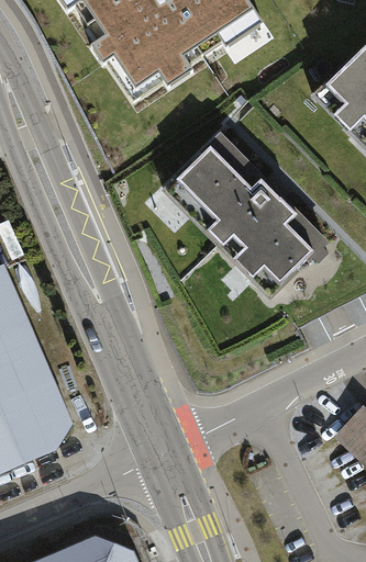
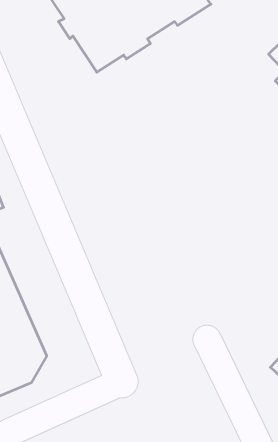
building: [178,142,313,278] -> none

